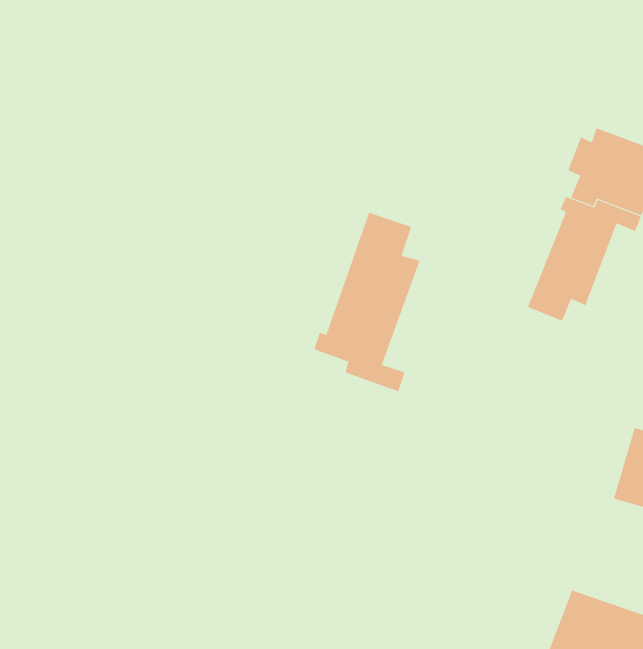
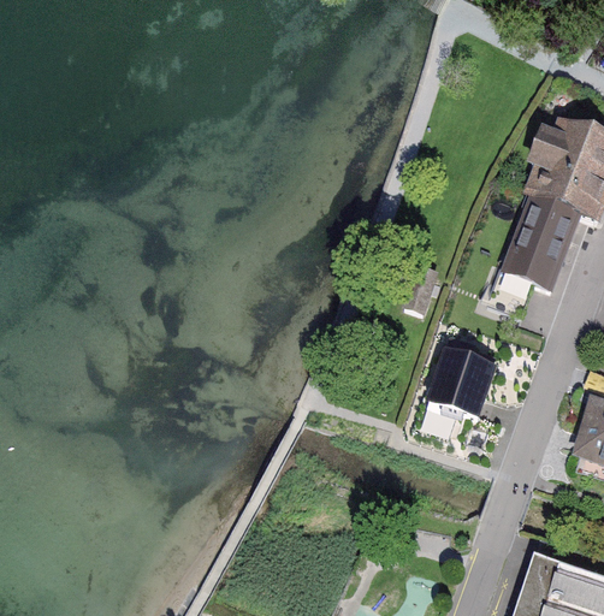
building: [314,212,420,392] -> none
building: none -> [413,351,493,438]

